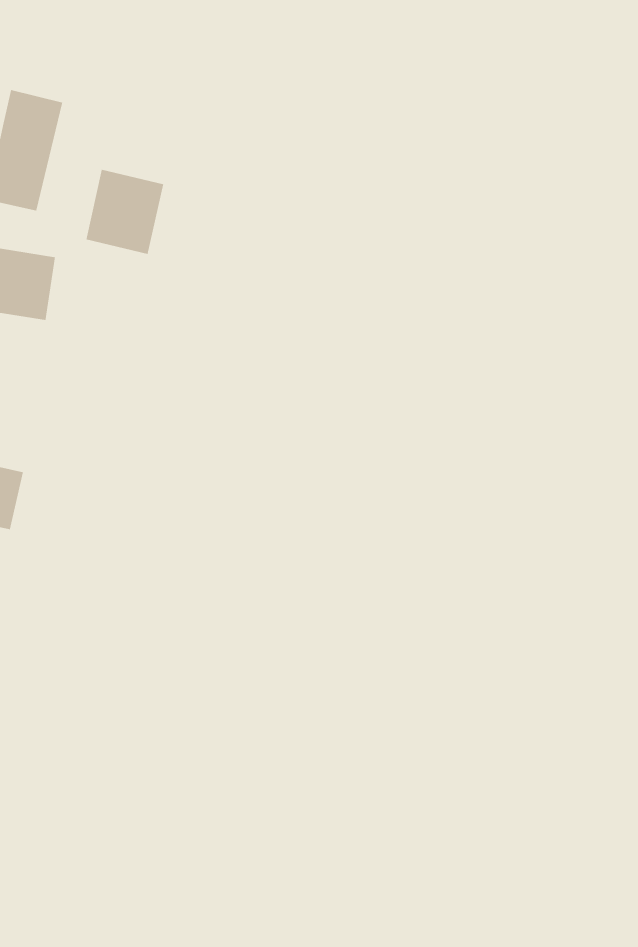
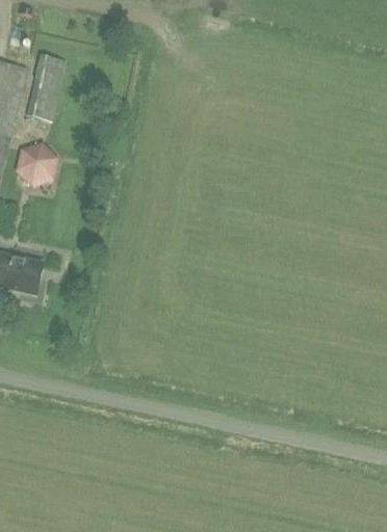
building: [85,169,164,255] -> none

